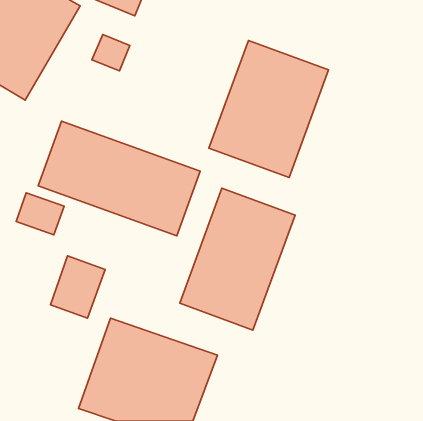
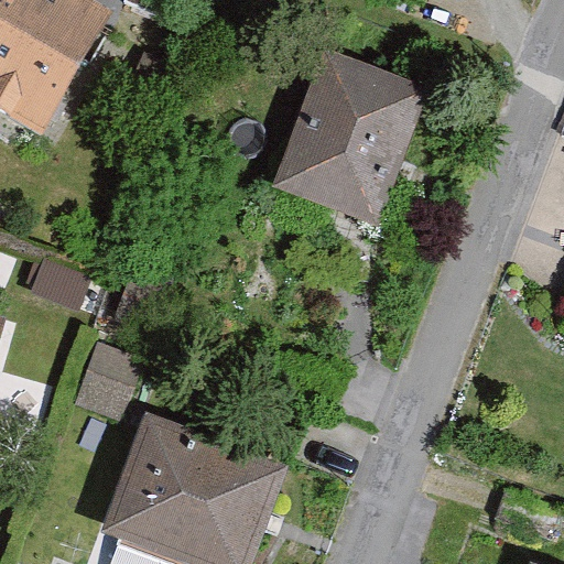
building: [38,121,200,236] -> none
building: [180,188,295,330] -> none

